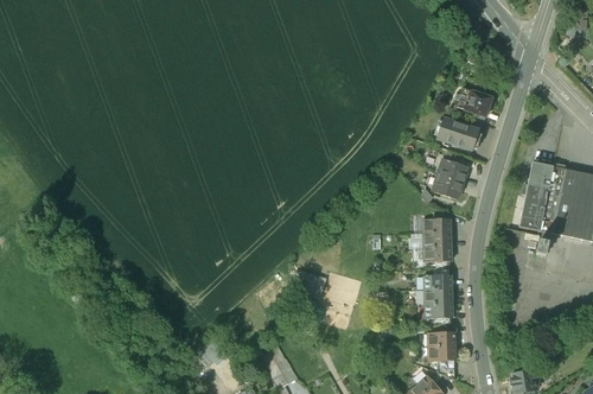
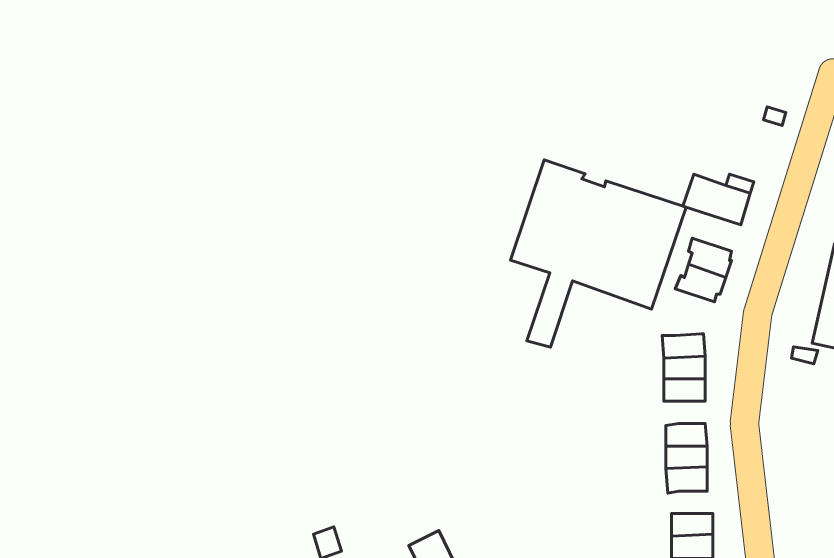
building: [455,87,491,115] -> none
building: none -> [511,160,686,347]

